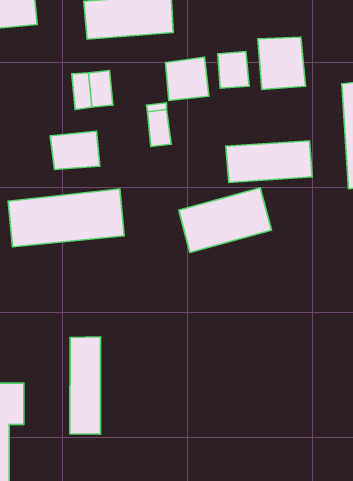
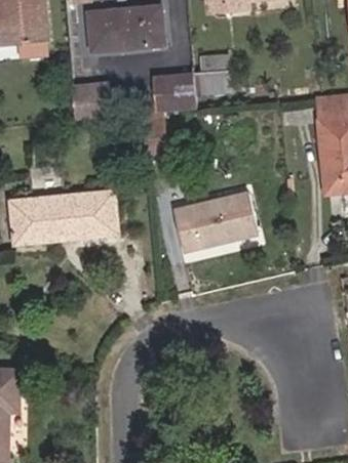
building: [258,37,306,90] -> none
building: [50,131,100,169] -> none
building: [226,141,312,183] -> none
building: [70,337,101,434] -> none

